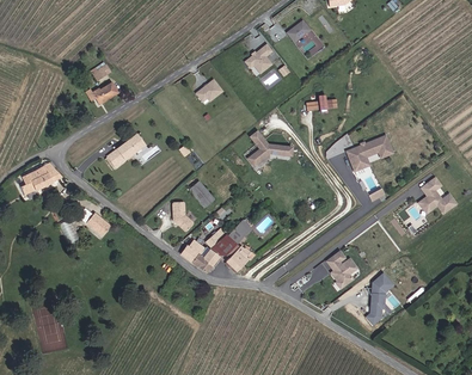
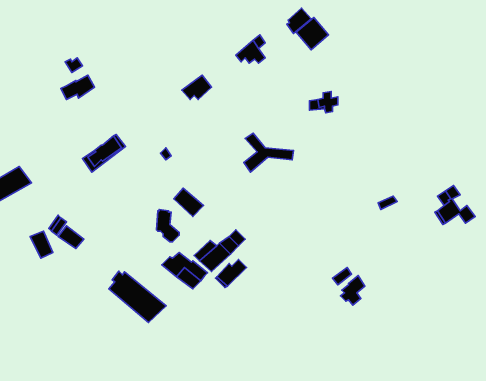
building: [349,135,394,170] -> none
building: none -> [109,271,166,323]
building: [368,272,393,324] -> none

